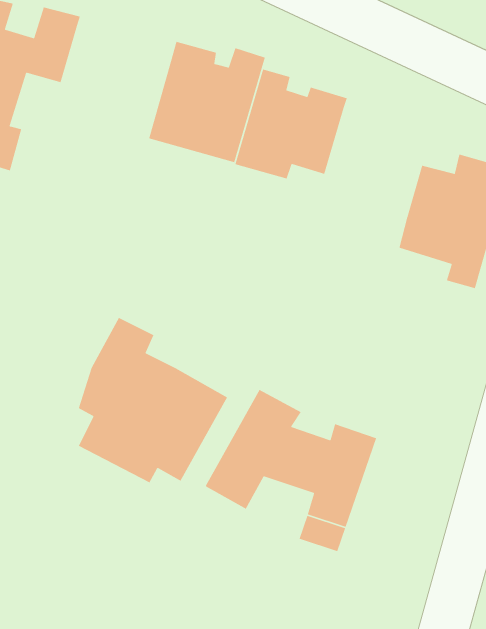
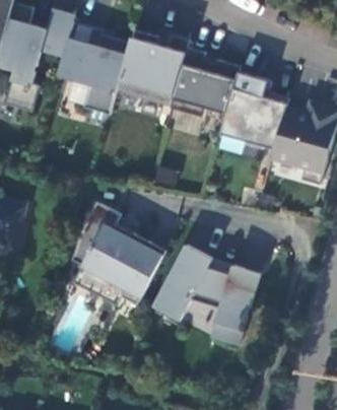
building: none -> [57,21,130,116]
building: none -> [220,72,288,149]

